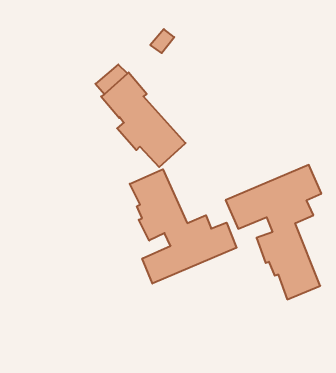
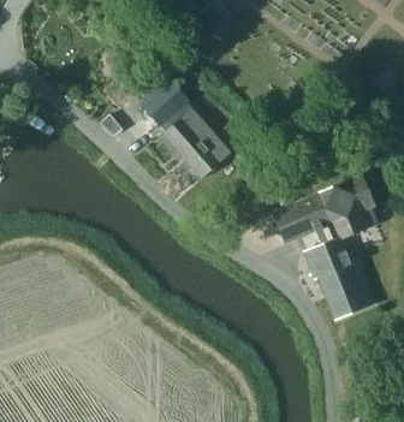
building: [130,169,237,284] -> none

